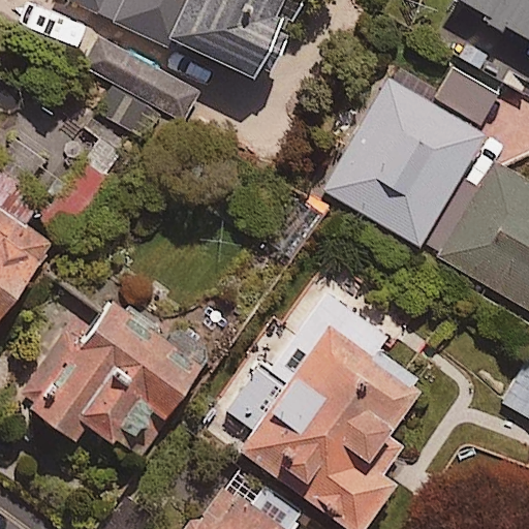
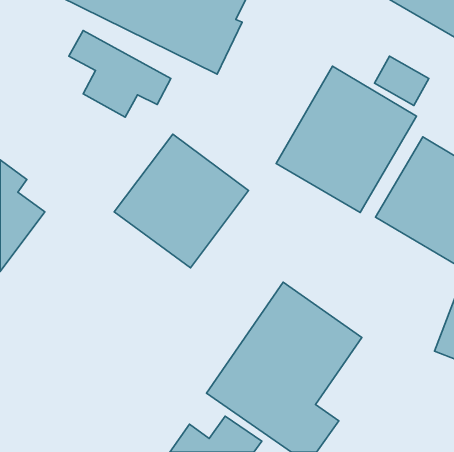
building: none -> [114,134,248,268]
building: [11,303,203,452] -> none

